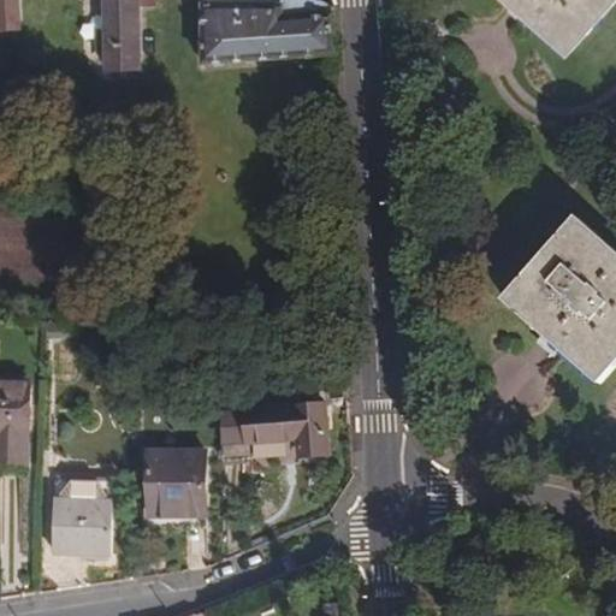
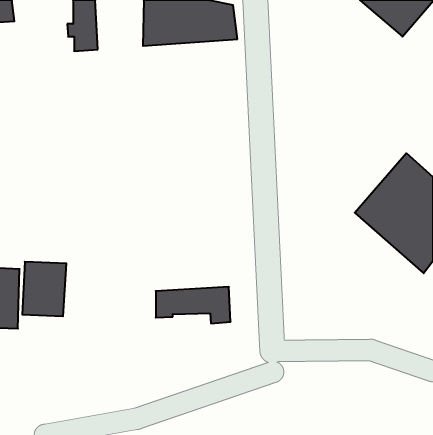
building: [148,454,203,517] -> none
building: [52,479,114,556] -> [22,262,66,316]

